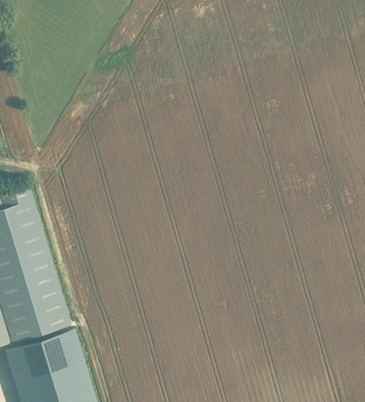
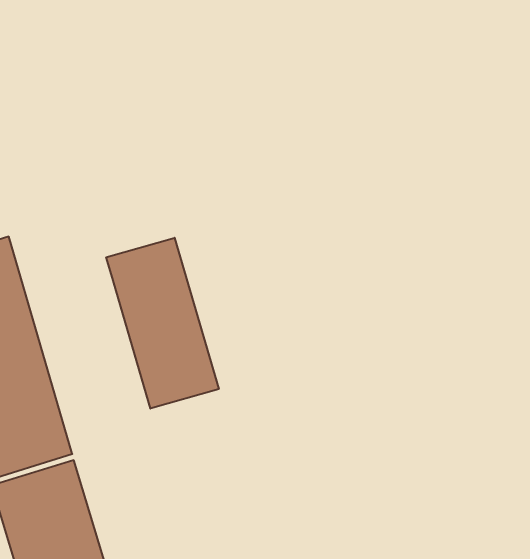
building: none -> [106,238,219,409]

